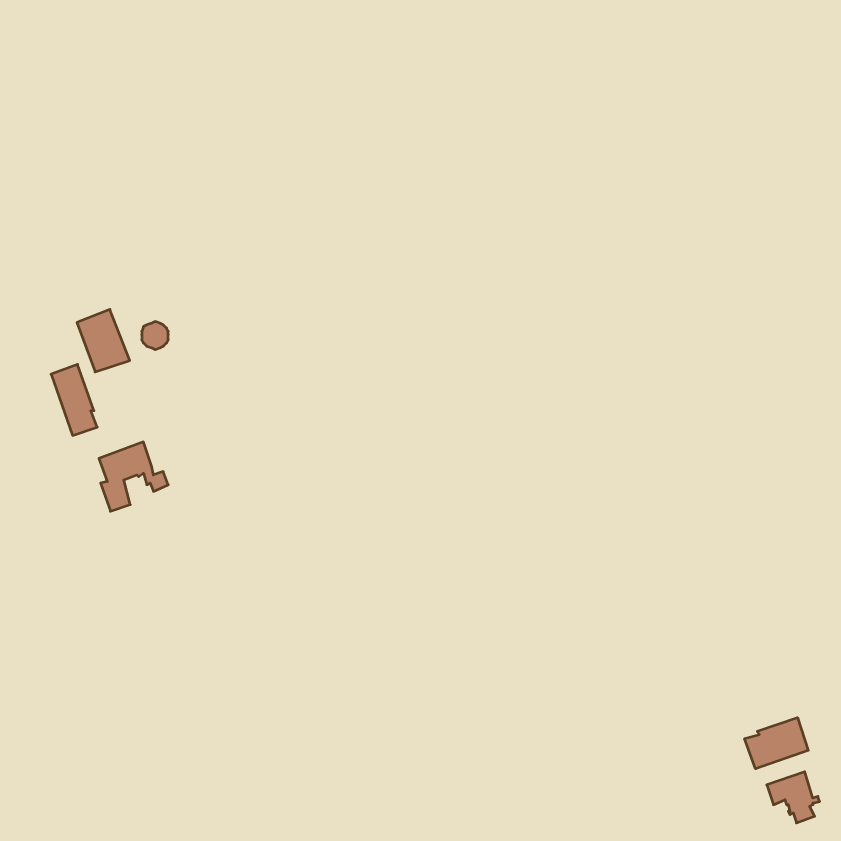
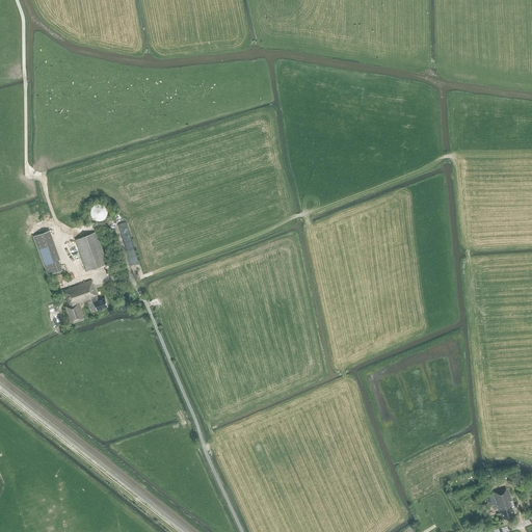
building: [77,309,130,372] -> [74,231,107,270]
building: [745,718,808,769] -> none

